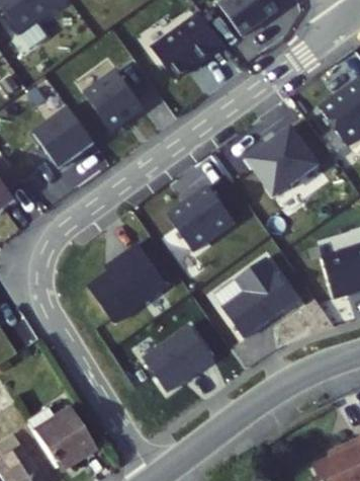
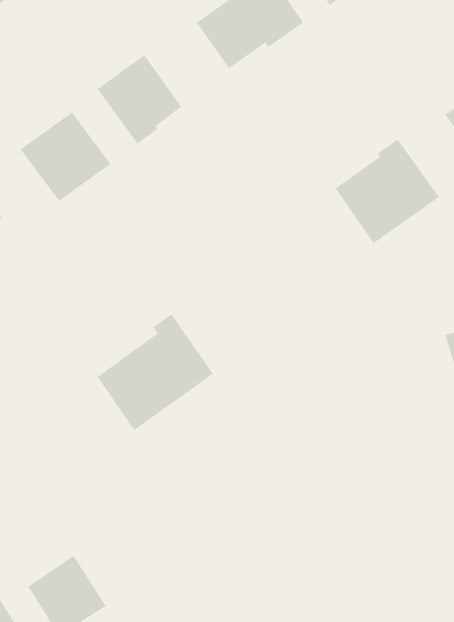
building: [162,184,230,251] -> none
building: [217,257,293,337] -> none
building: [139,324,208,390] -> none

